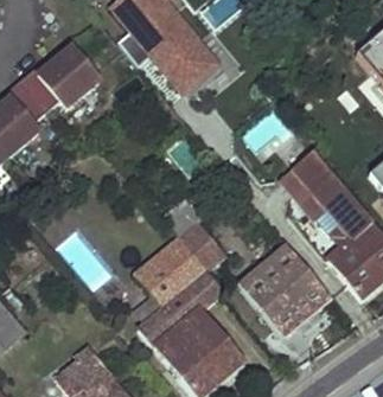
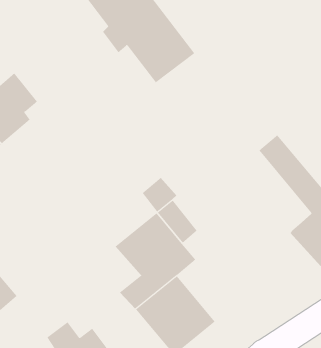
building: [20,47,100,114] -> none
building: [280,168,349,257] -> none
building: [237,245,331,337] -> none

